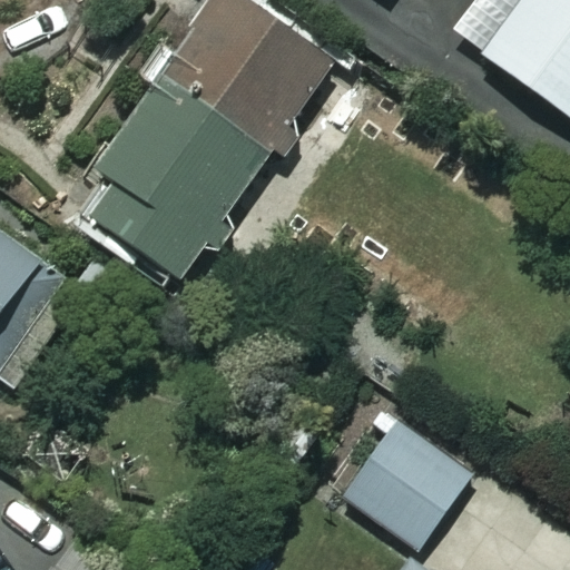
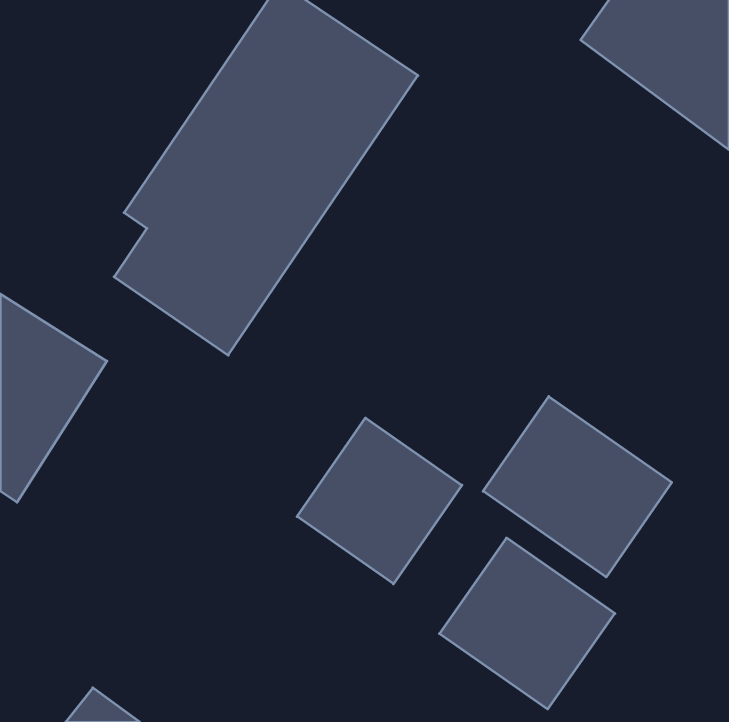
building: none -> [483,396,672,577]
building: none -> [297,418,462,584]

